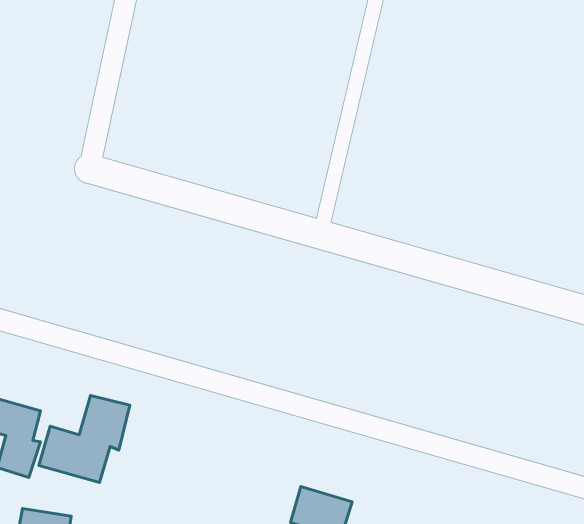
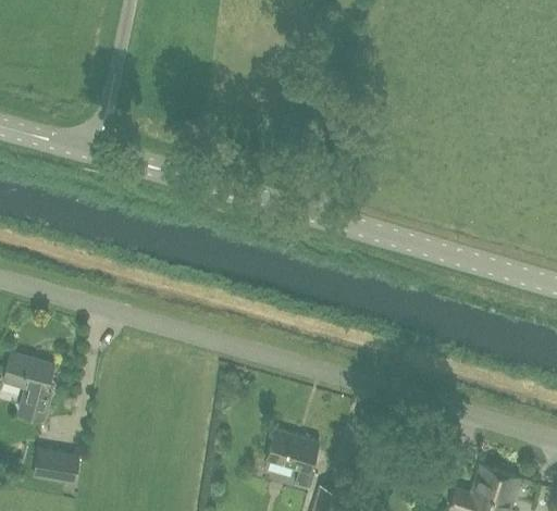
building: [39,396,130,482] -> none

